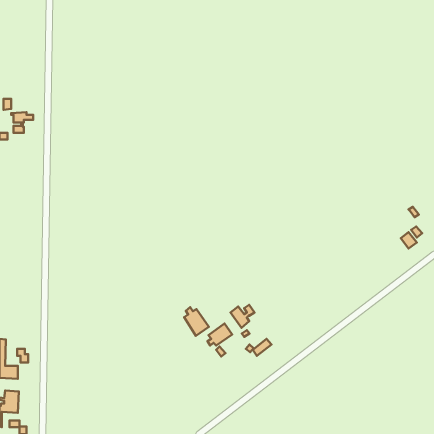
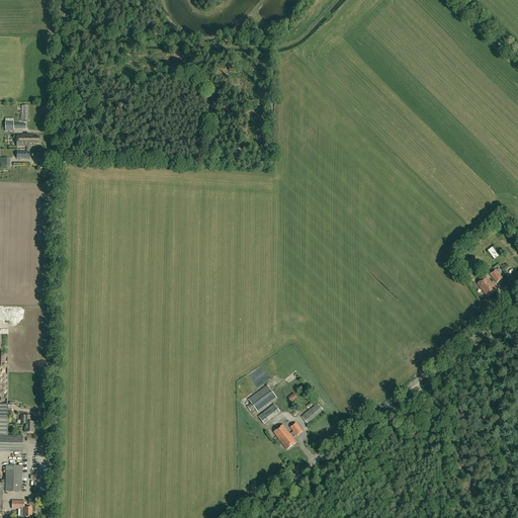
building: [231,305,254,328] -> [273,422,301,449]
building: [184,307,209,336] -> none

